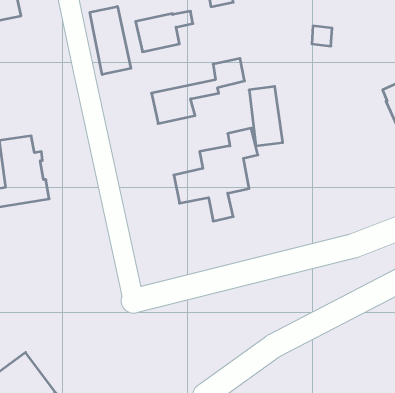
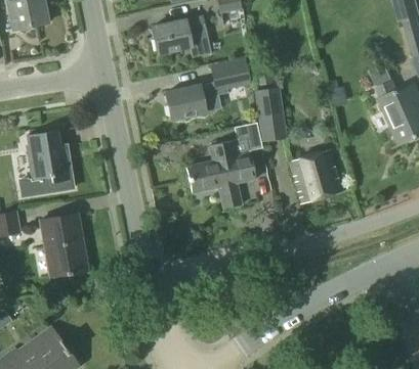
building: [90,6,131,75] -> none
building: none -> [290,149,342,203]
building: none -> [39,214,87,277]

